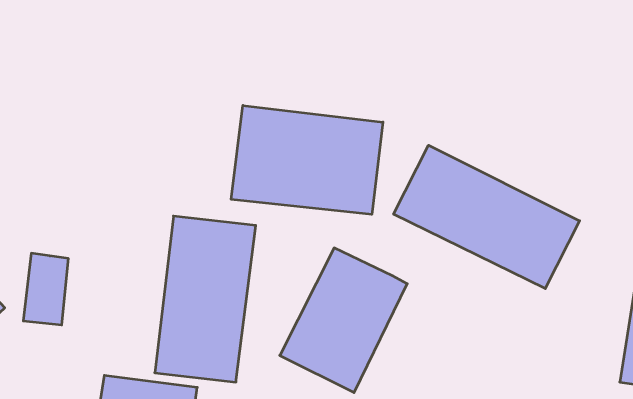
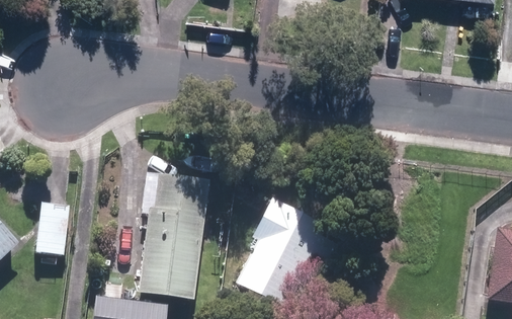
building: [231,105,383,214] -> none
building: [394,145,580,289] -> none

